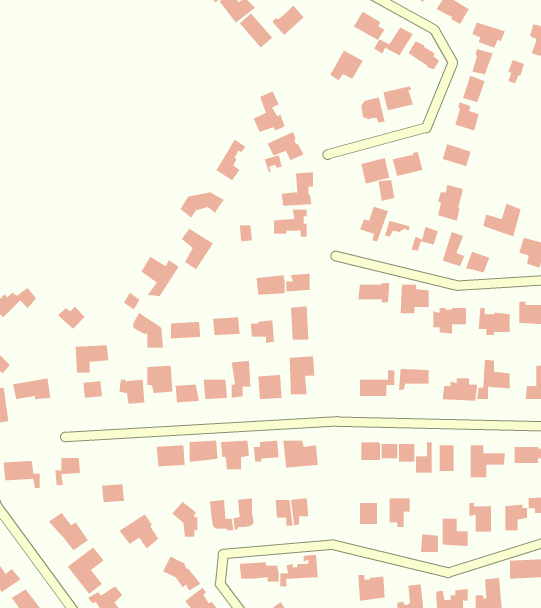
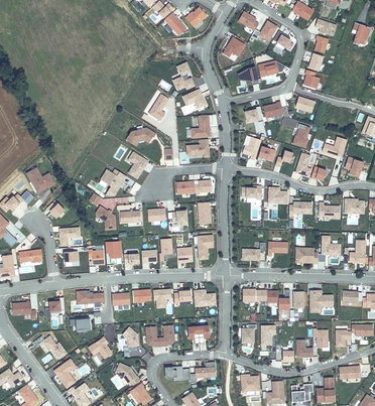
building: none -> [26,166,55,192]
building: none -> [76,289,105,306]

